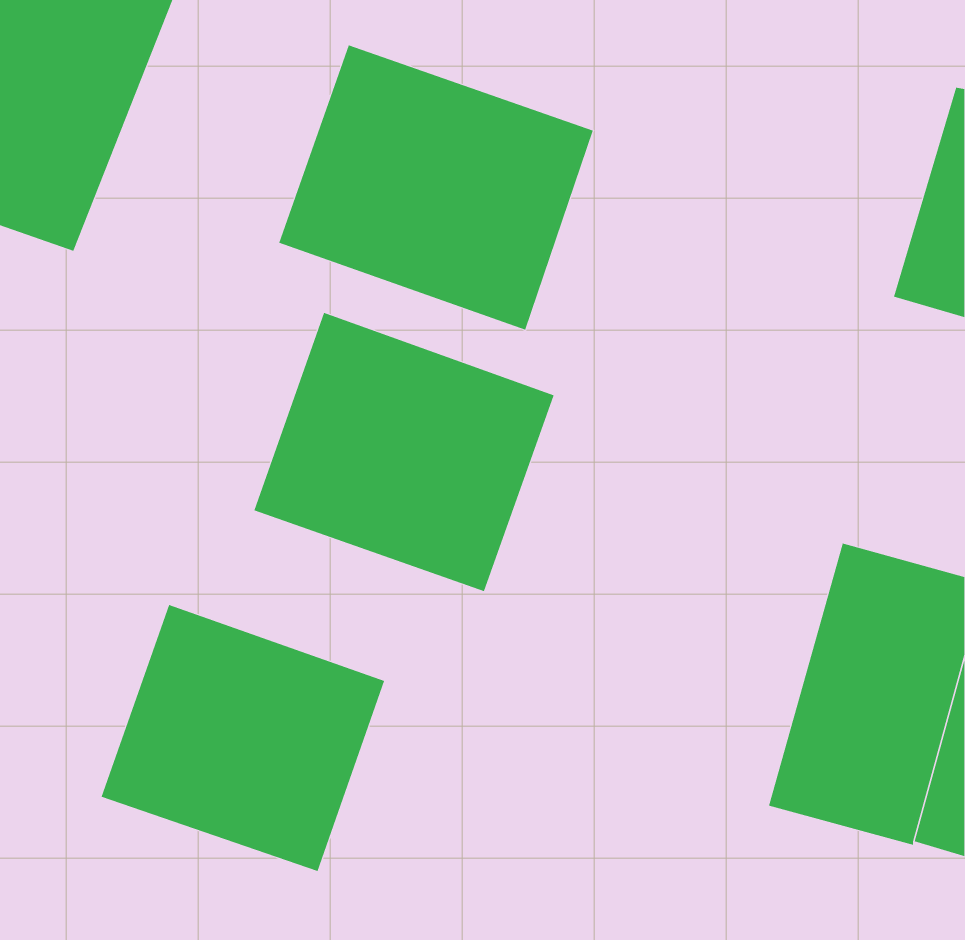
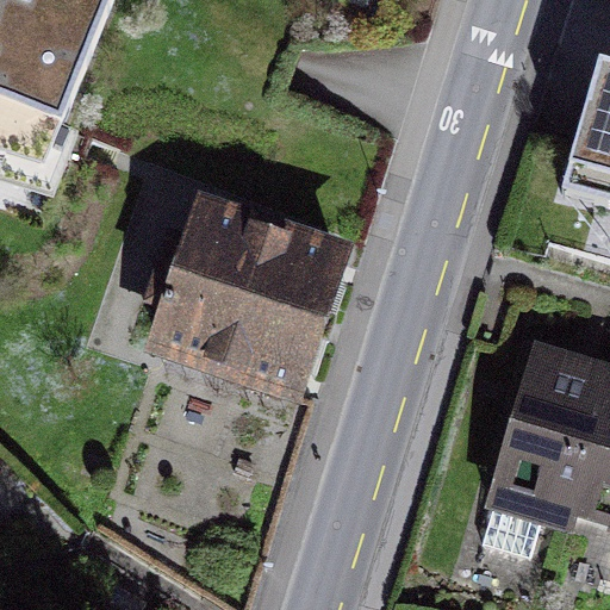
building: [278,45,594,330] -> none
building: [101,604,385,872] -> none

